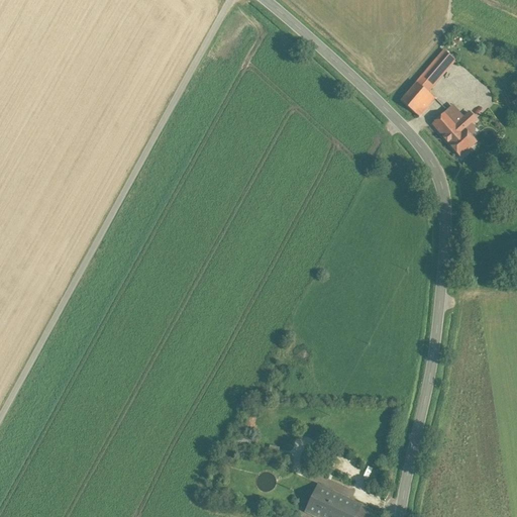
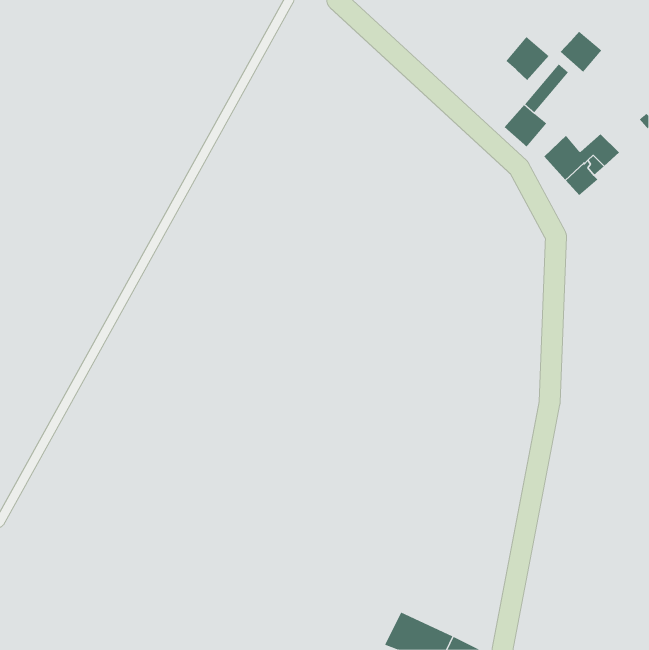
building: none -> [560,31,602,73]
building: none -> [506,36,549,81]

